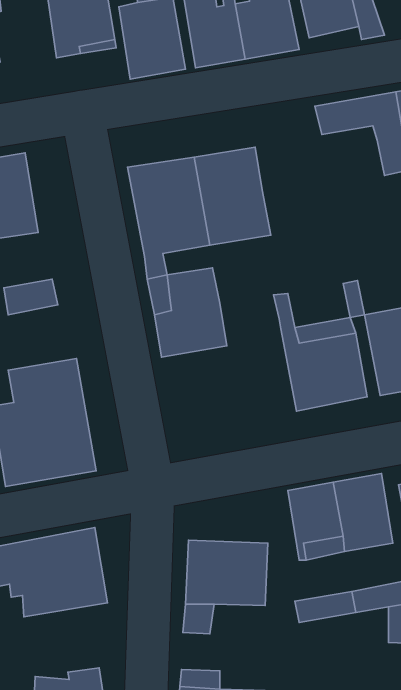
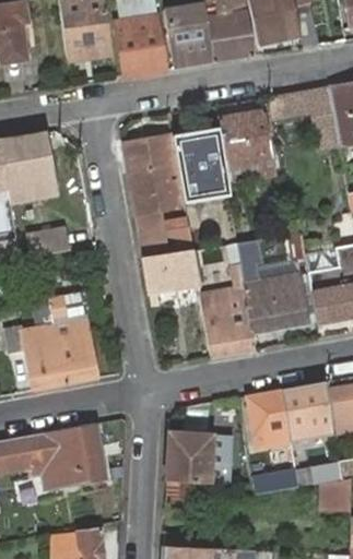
building: none -> [219,109,276,174]
building: none -> [200,261,256,357]

